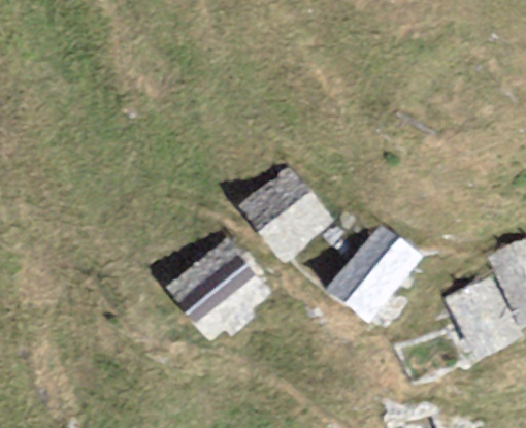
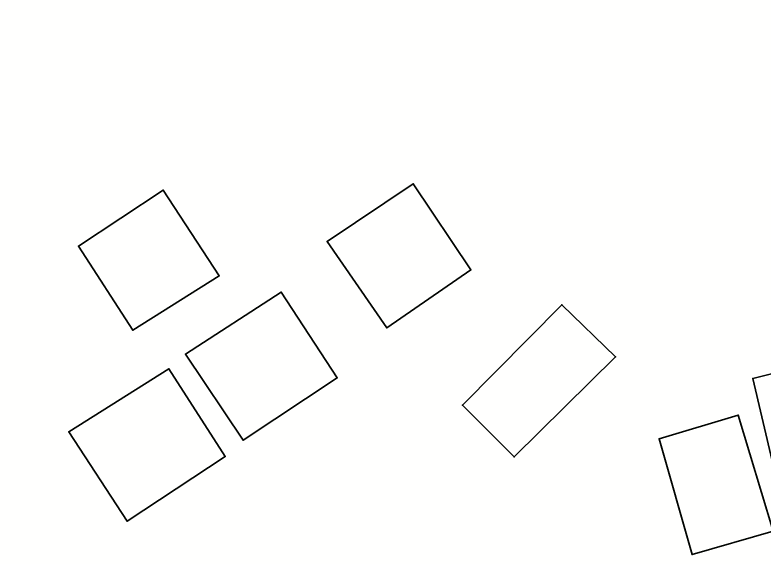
building: none -> [78,190,219,330]
building: none -> [69,369,225,521]

